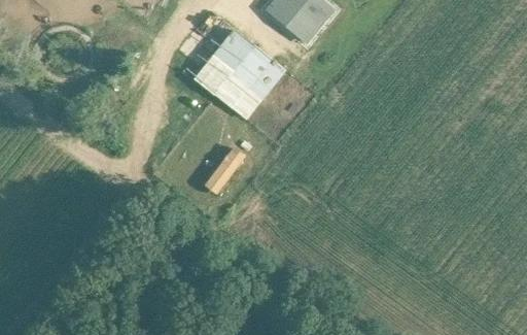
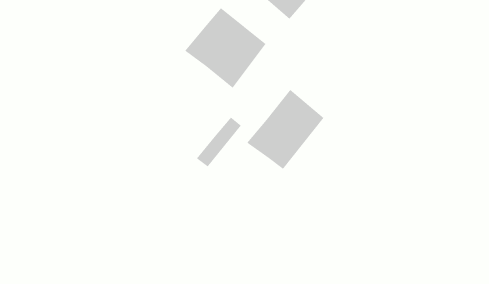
building: none -> [246,89,324,170]

